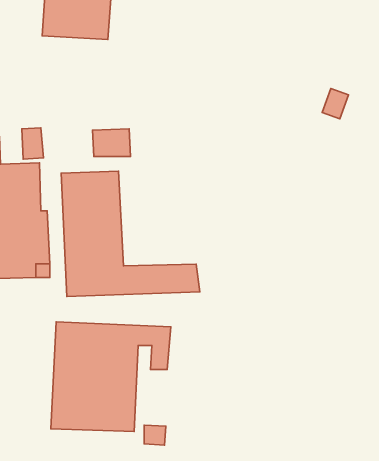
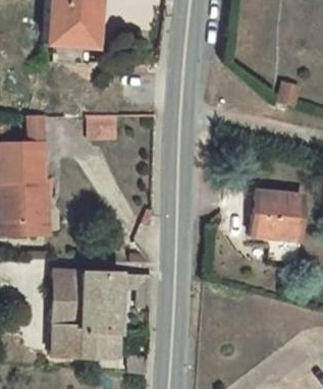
building: [61,171,200,296] -> none
building: none -> [245,187,297,260]

